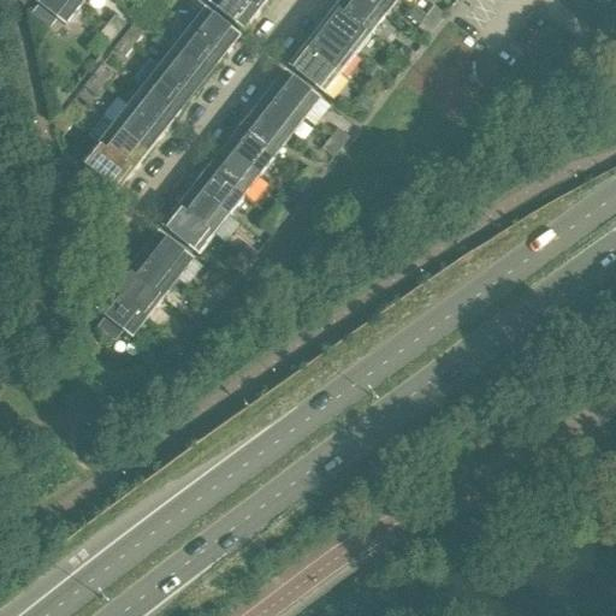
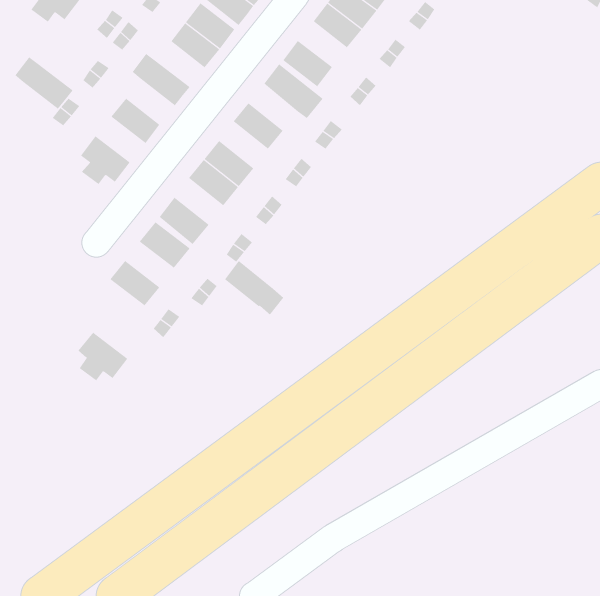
building: [306,22,356,69] -> none
building: [160,42,211,89] -> none
building: [130,81,180,128] -> none
building: [255,85,306,134] -> none
building: [90,112,150,166] -> [15,56,73,109]
building: [225,124,276,172] -> none
building: [179,182,241,238] -> [224,260,284,316]
building: [129,247,179,294] -> none
building: [97,285,149,336] -> [78,332,128,381]

